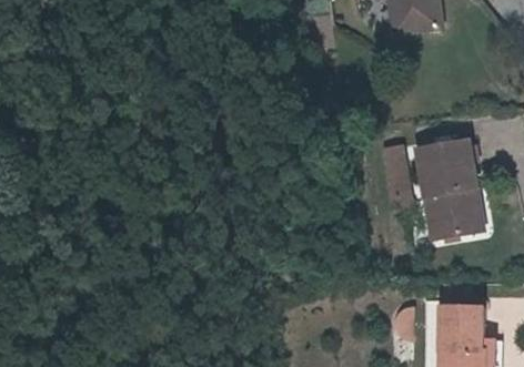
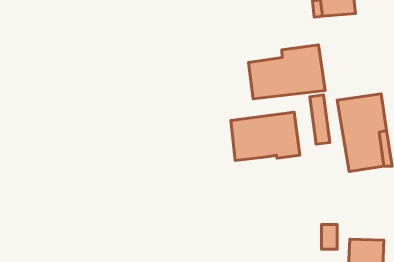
building: none -> [248,45,325,99]
building: none -> [231,112,300,161]

